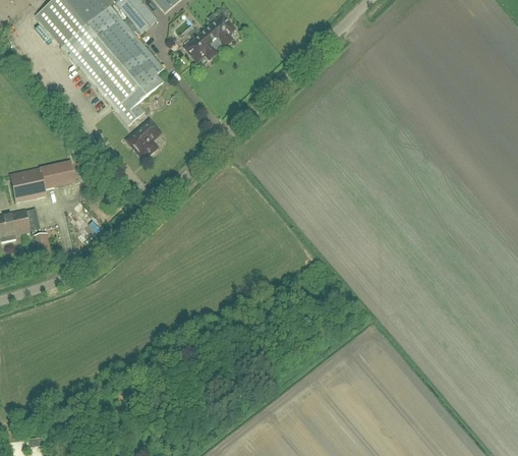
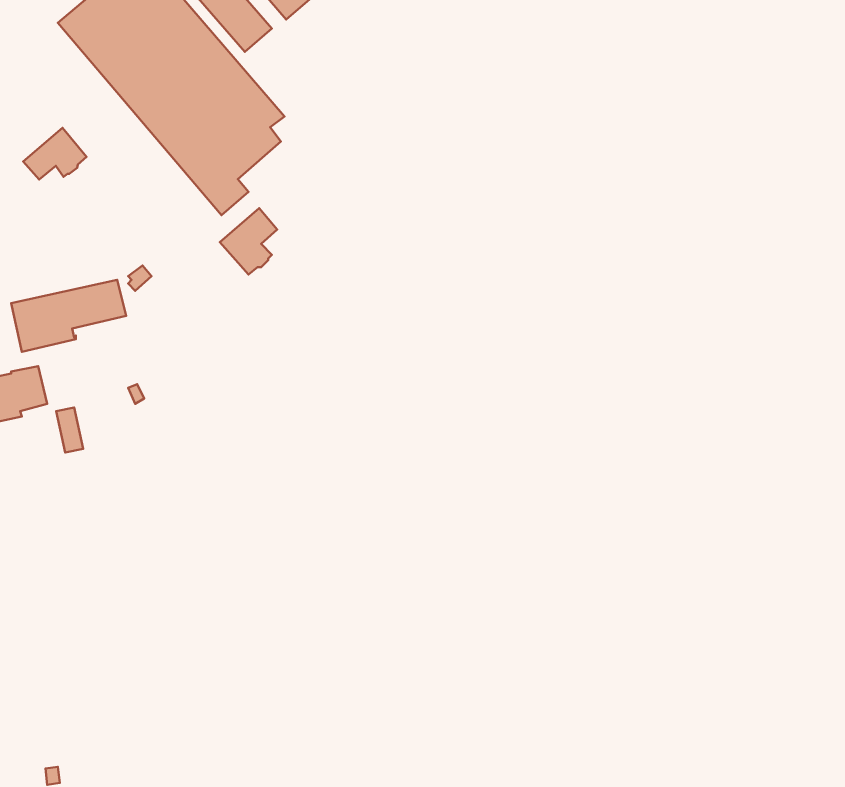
building: [186,16,234,59] -> none
building: none -> [23,128,86,180]

